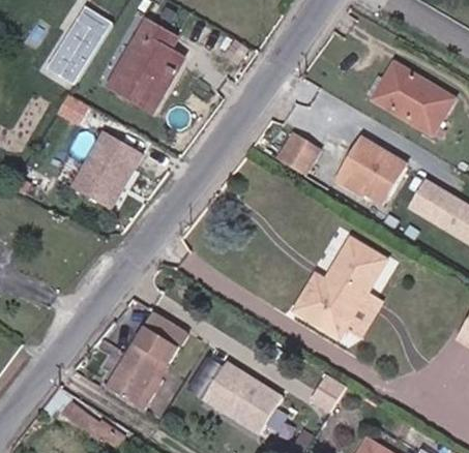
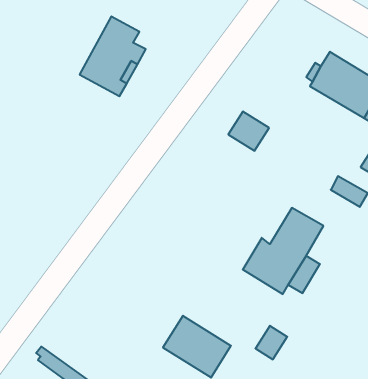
building: [45,5,111,84] -> none
building: [70,130,140,207] -> none
building: [339,138,406,200] -> none
building: [108,310,186,406] -> none

